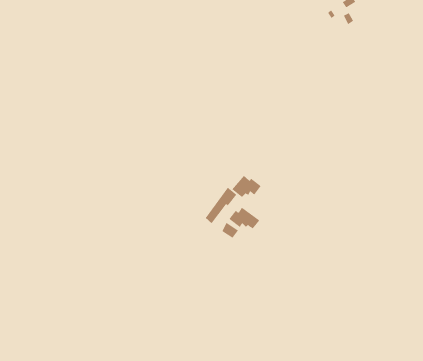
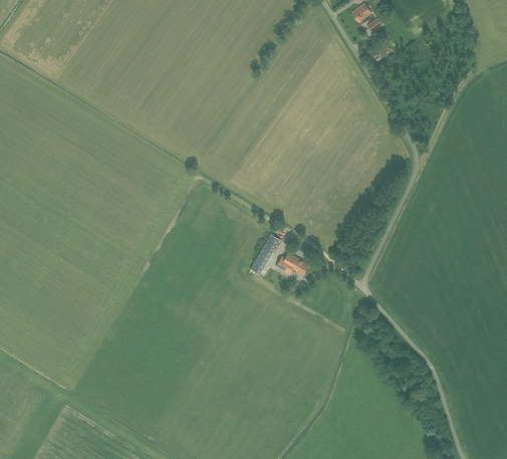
building: [232,175,261,198] -> none

